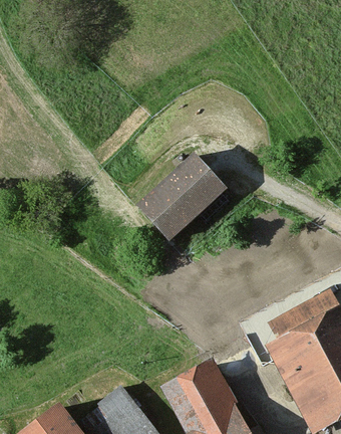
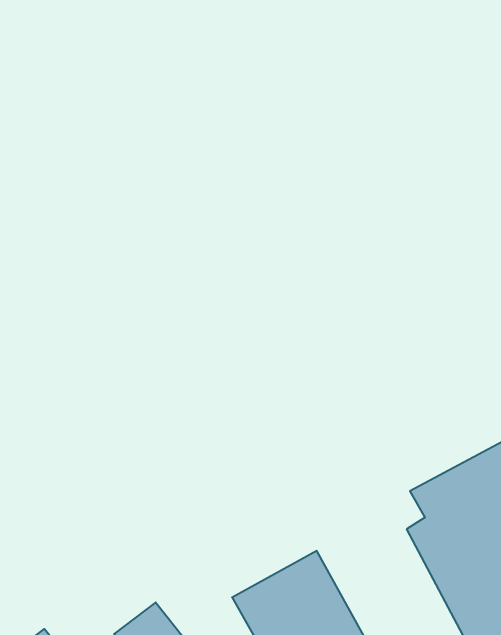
building: [136,153,226,240] -> none

